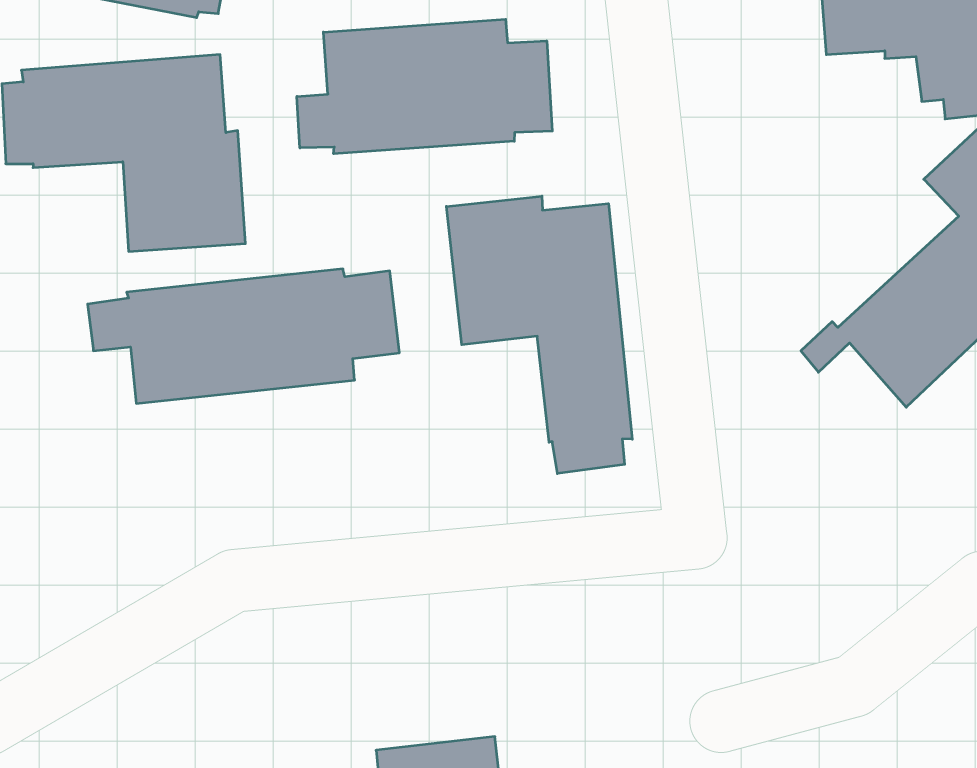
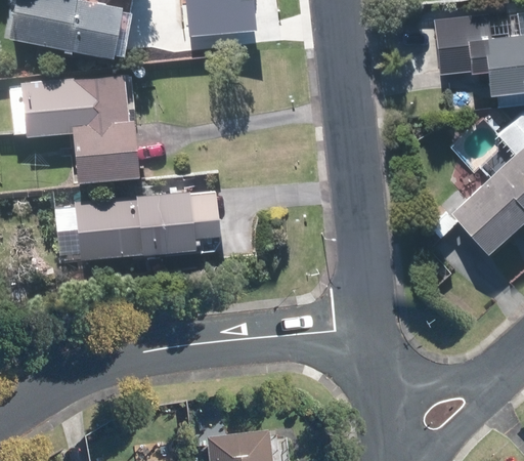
building: [297,19,552,154] -> none
building: [446,196,632,474] -> none

